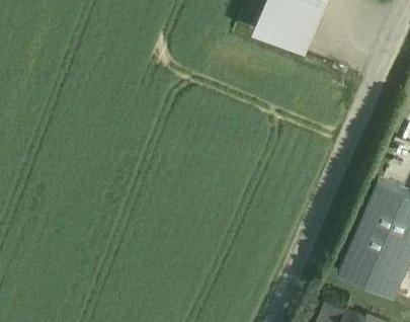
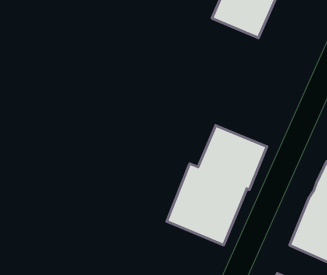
building: none -> [167,125,267,245]

